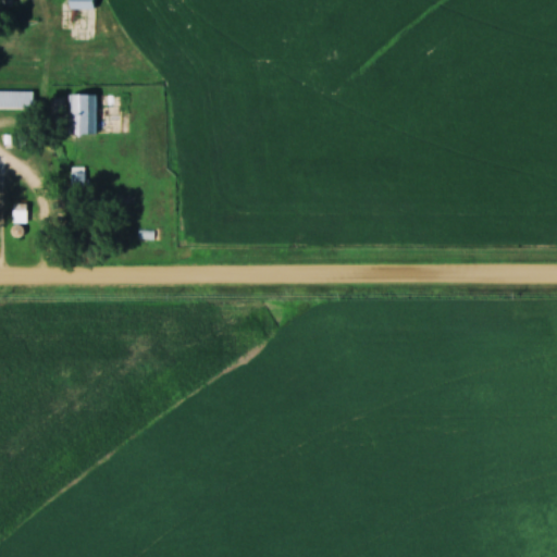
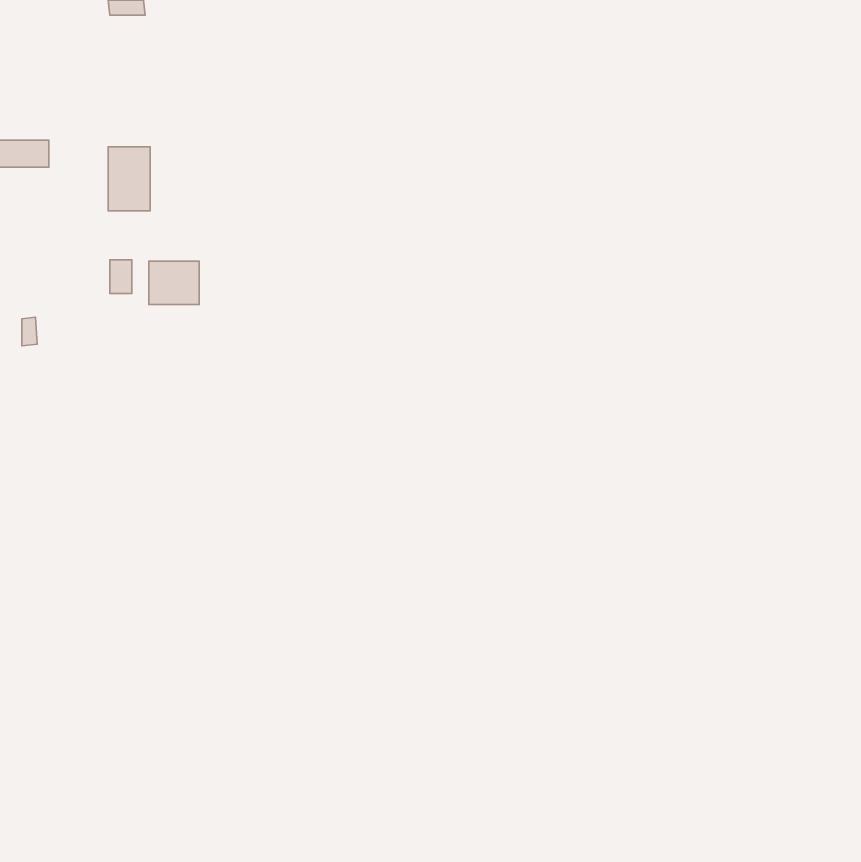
building: none -> [149,261,199,305]

